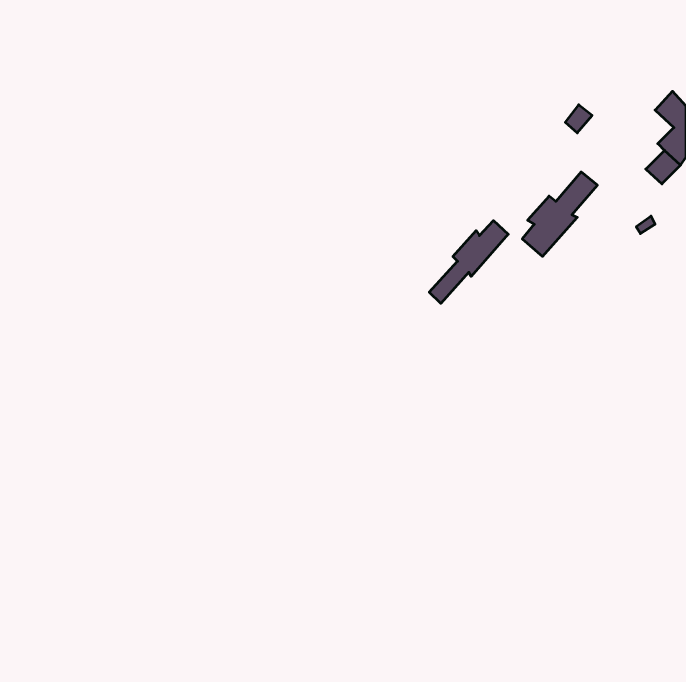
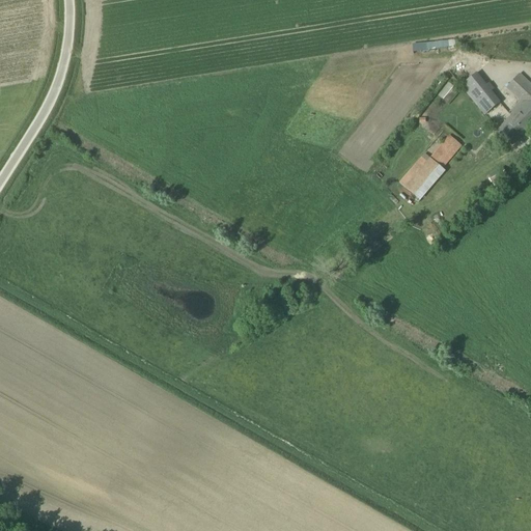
building: none -> [460,71,500,113]
building: [429,221,508,303] -> none

